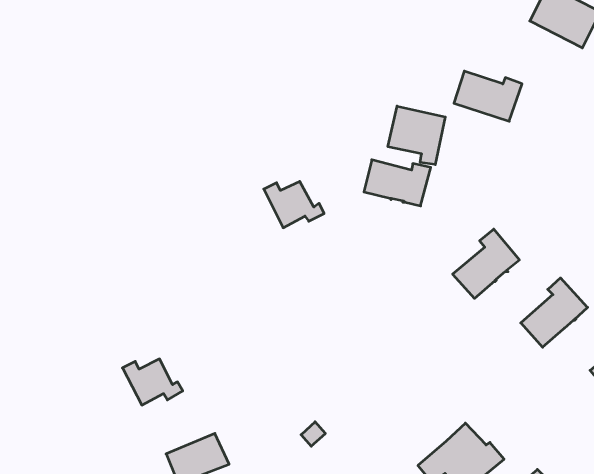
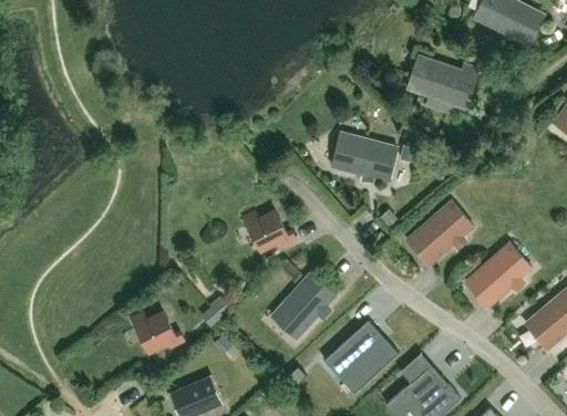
building: [388,106,445,165] -> none
building: [264,181,324,228] -> [241,211,293,251]
building: none -> [279,271,334,333]
building: none -> [322,320,396,385]

